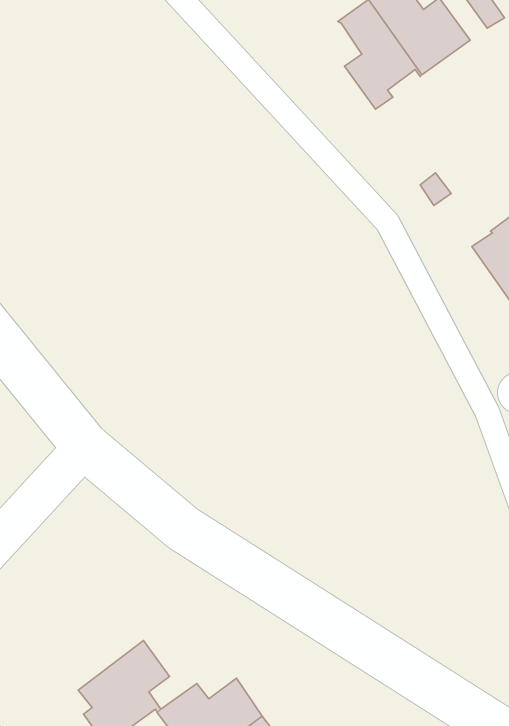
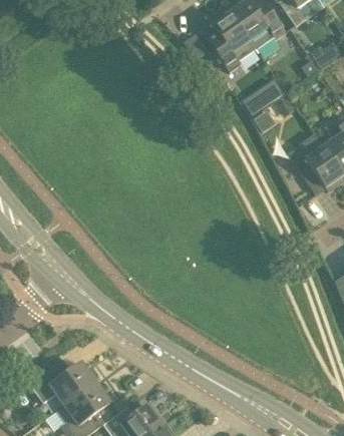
building: none -> [245,77,287,113]
building: none -> [31,361,95,412]

